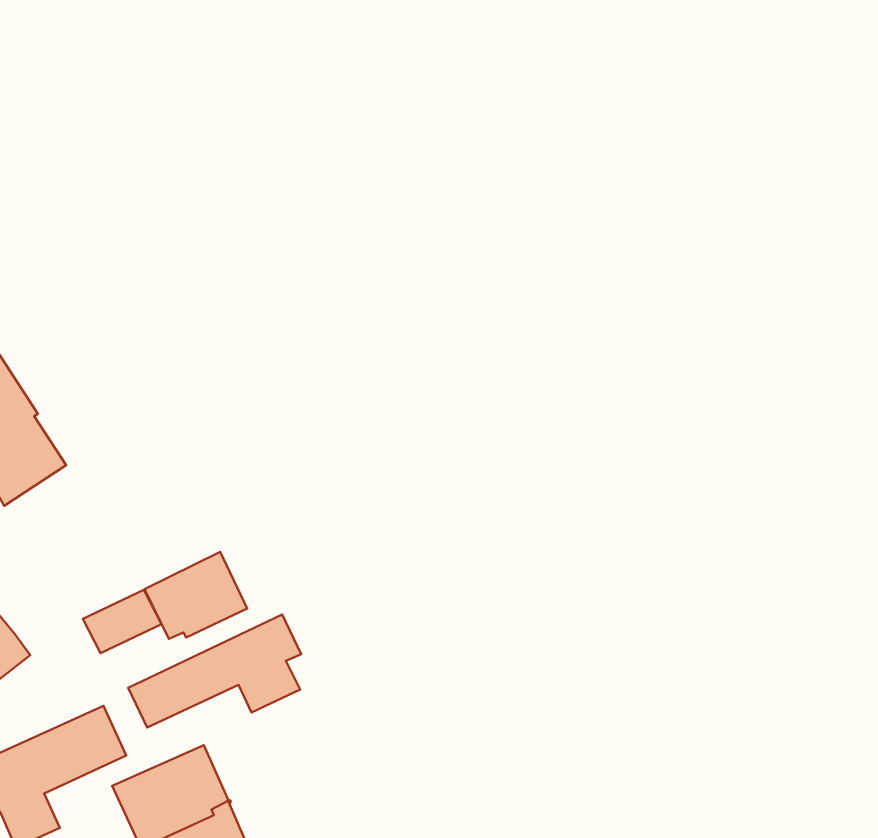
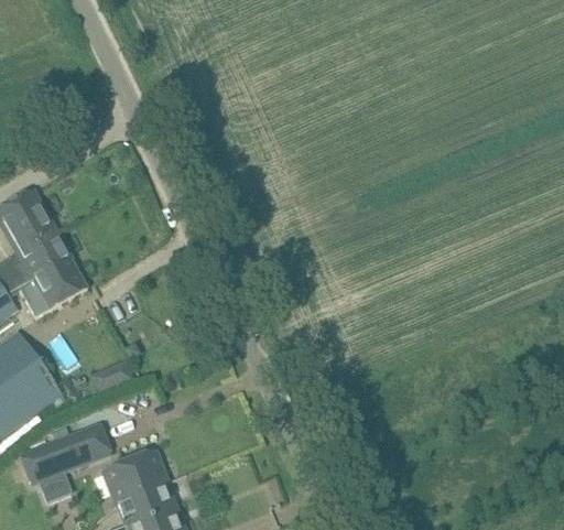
building: [145,552,247,639] -> none
building: [128,615,301,727] -> none

